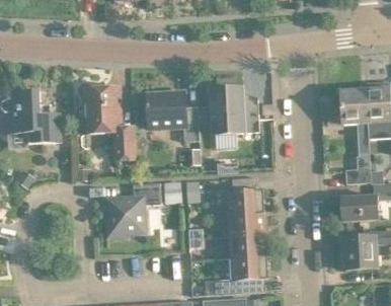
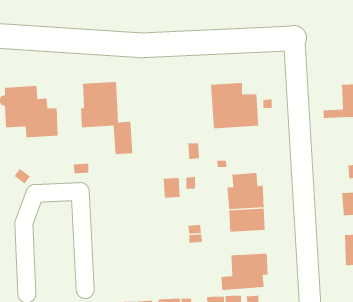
building: [142,92,199,141] -> none
building: [104,182,160,237] -> none
building: [229,234,266,258] -> none

